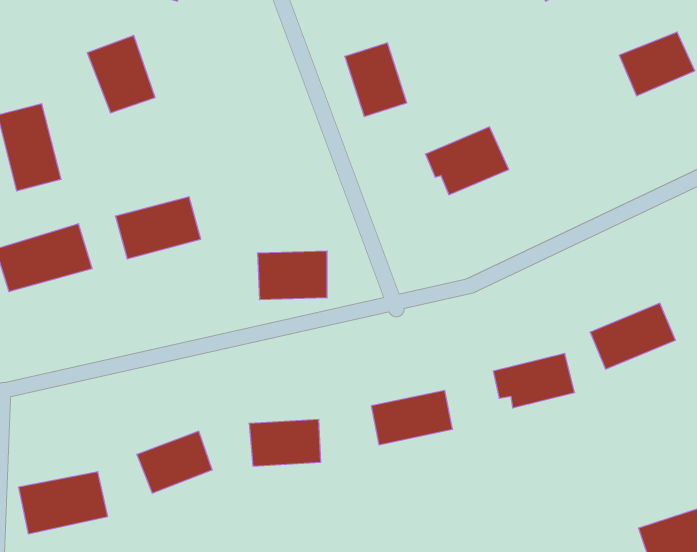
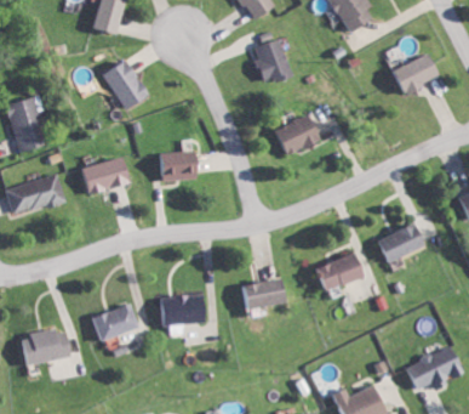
building: [87,35,155,113] -> [104,59,147,108]
building: [345,43,407,116] -> [252,38,291,84]
building: [257,251,327,300] -> [155,151,199,181]

